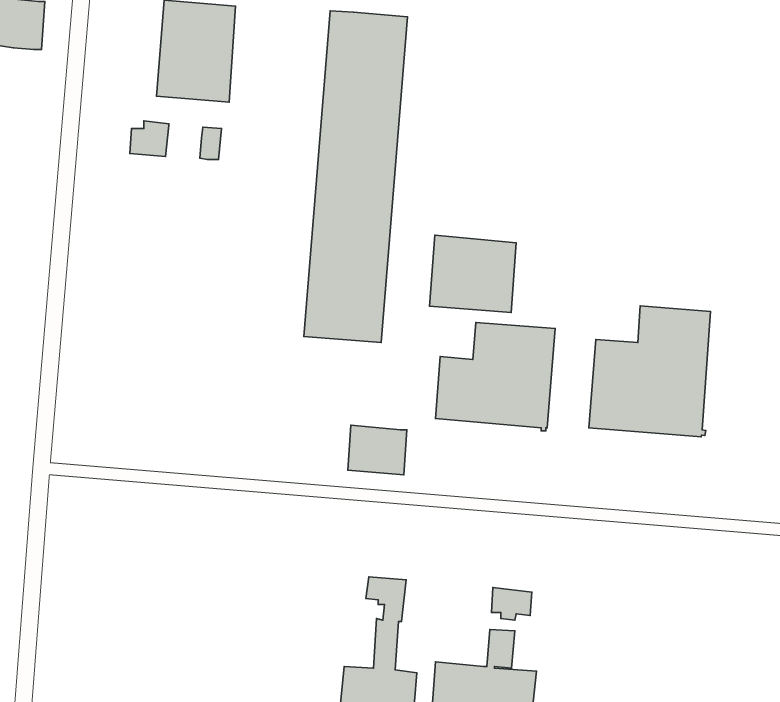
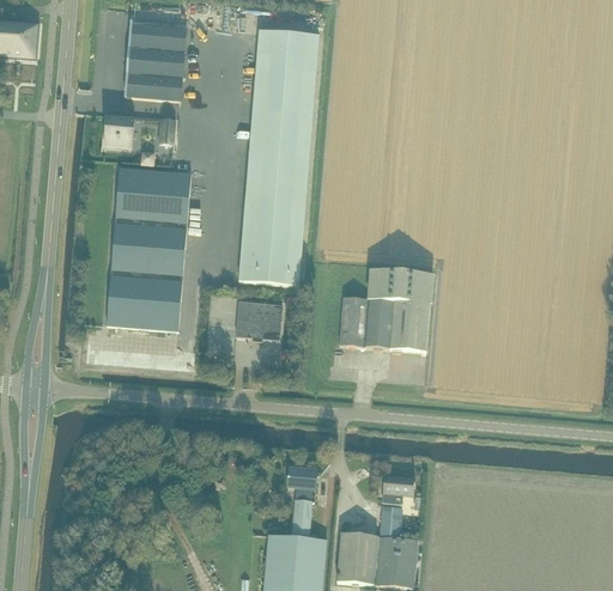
building: none -> [107,166,190,330]
building: [430,235,516,312] -> none
building: [589,306,710,437] -> none
building: [348,425,407,475] -> [236,300,281,339]

